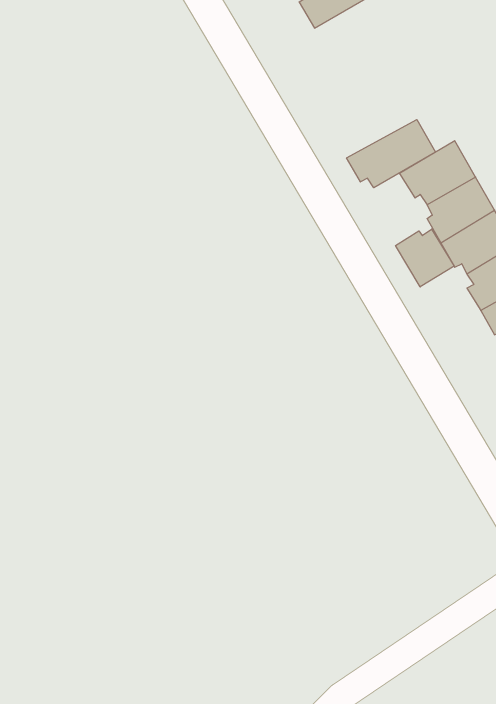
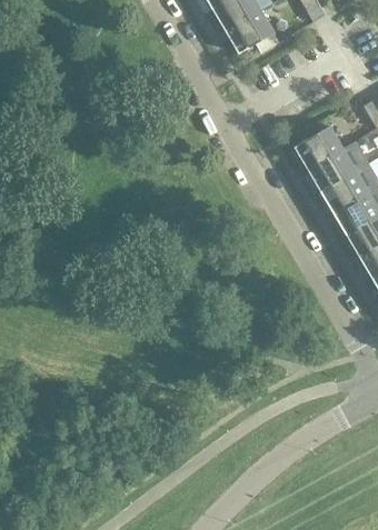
building: [347,120,435,188] -> none
building: [396,229,454,287] -> none

